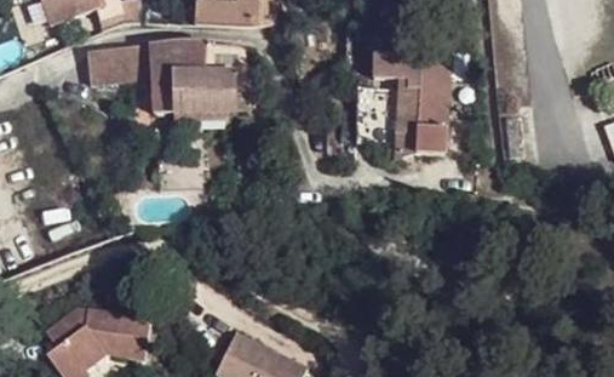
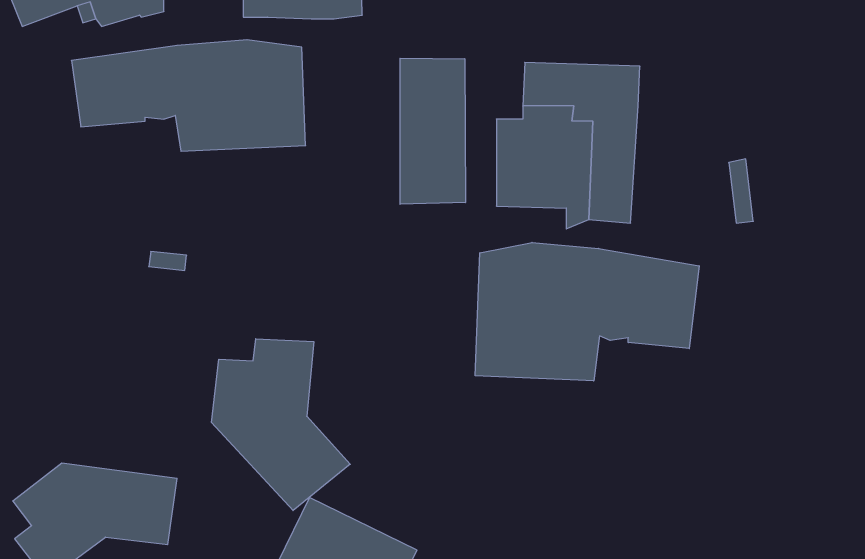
building: none -> [400,58,465,204]
building: none -> [475,242,699,381]
building: none -> [212,339,350,511]

